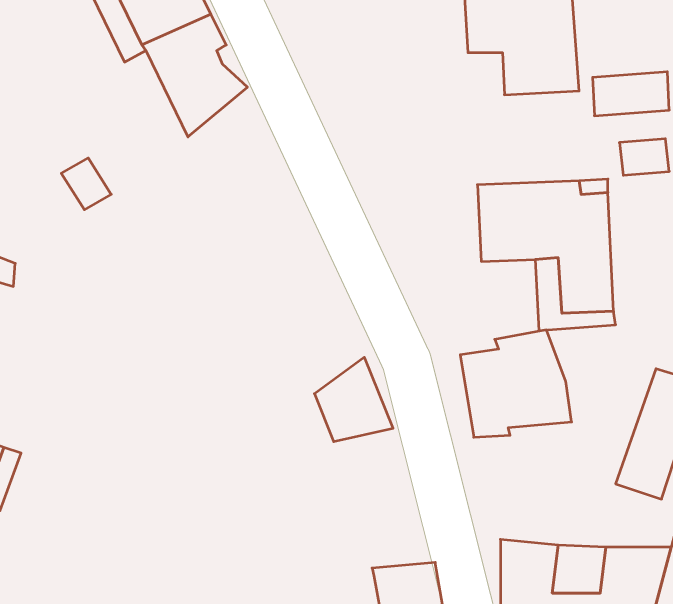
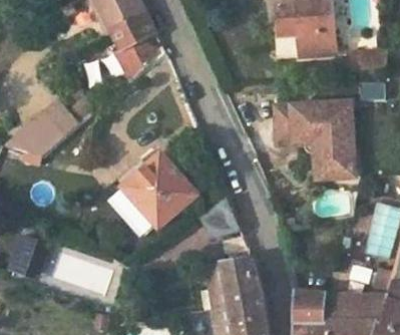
building: none -> [108,152,195,238]
building: [460,330,572,437] -> [204,254,262,310]

